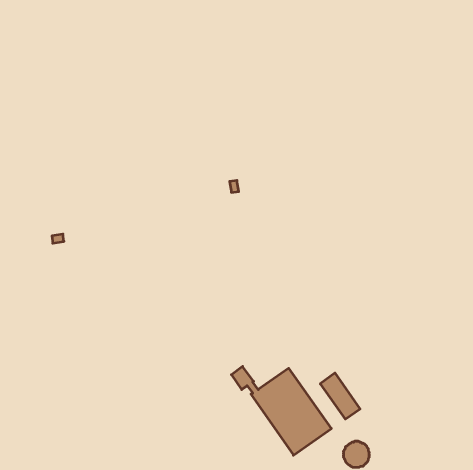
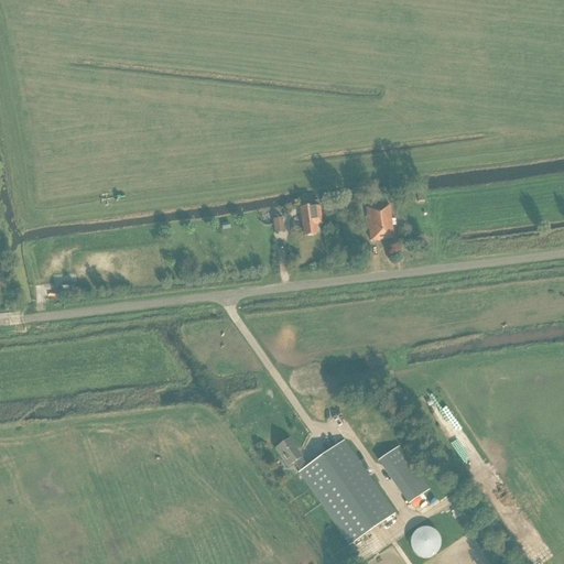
building: none -> [301,198,323,234]
building: none -> [367,203,393,238]

